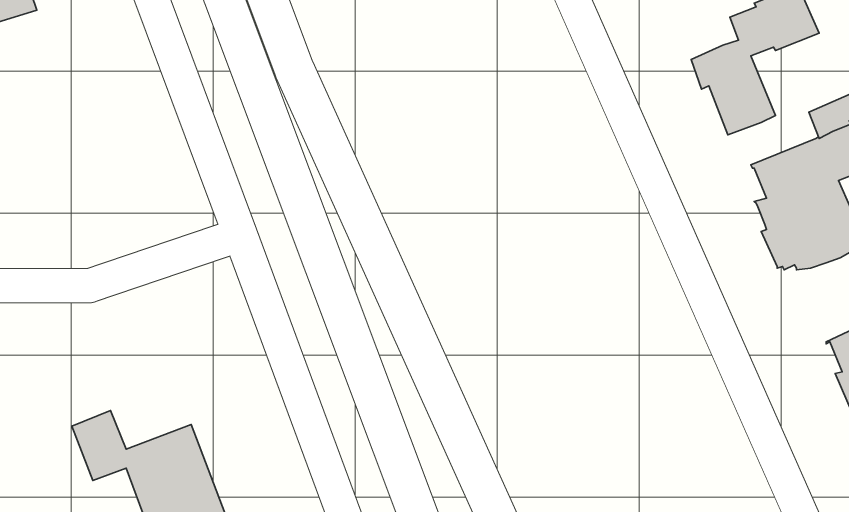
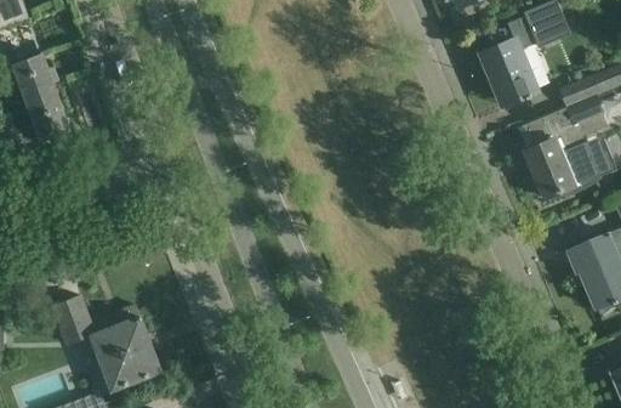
building: none -> [13,56,68,137]

